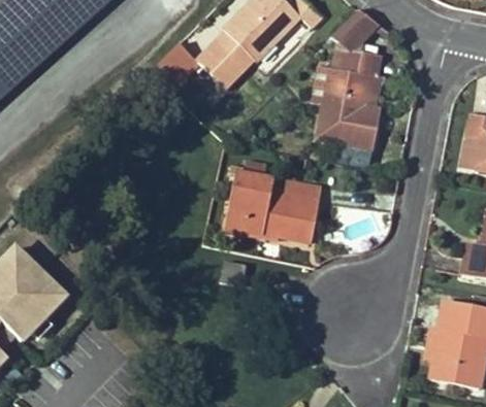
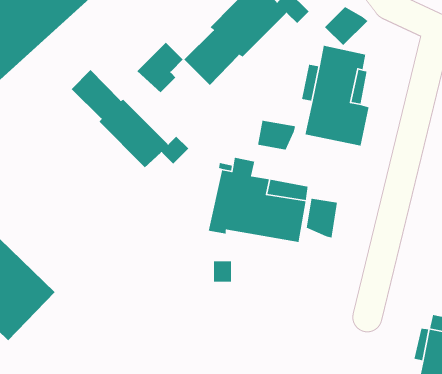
building: none -> [71,69,189,168]
building: none -> [257,120,296,150]
building: none -> [306,198,338,239]

